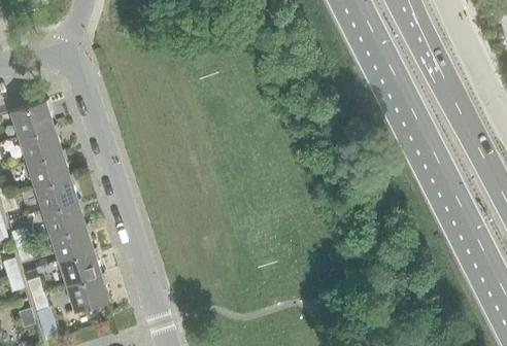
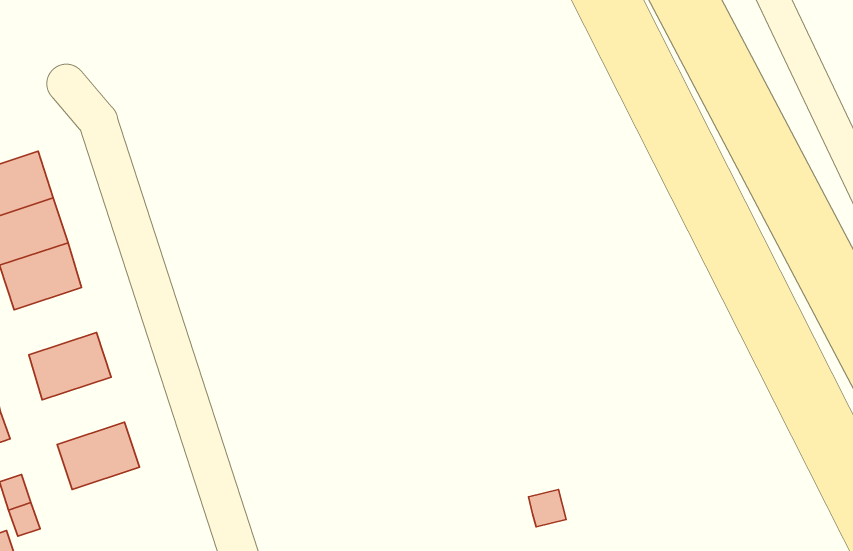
building: [33,176,78,213] -> none
building: [48,226,94,263] -> none
building: [65,275,110,313] -> none

